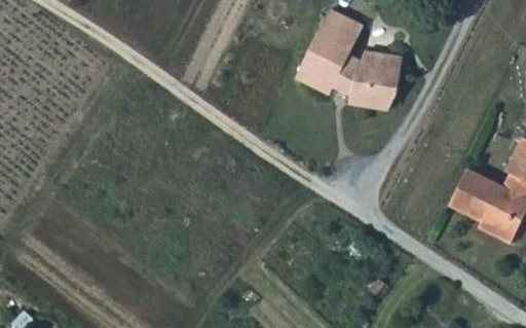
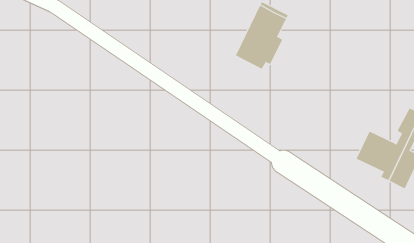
building: [343,47,406,108] -> none

